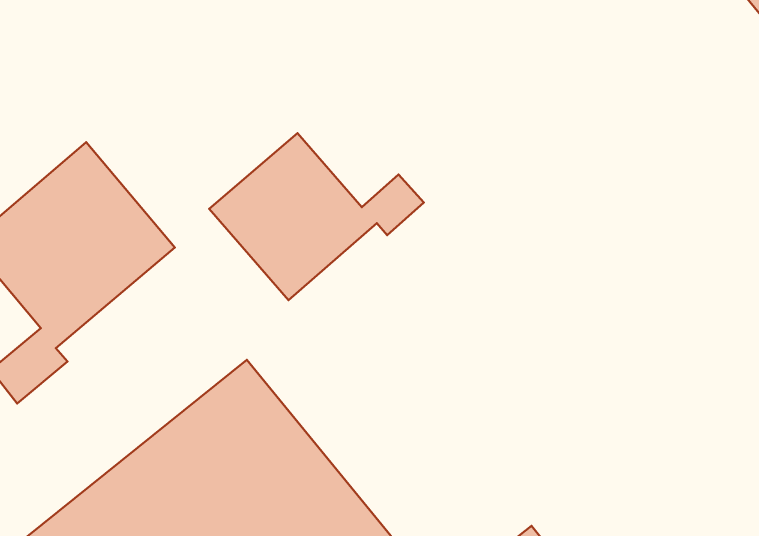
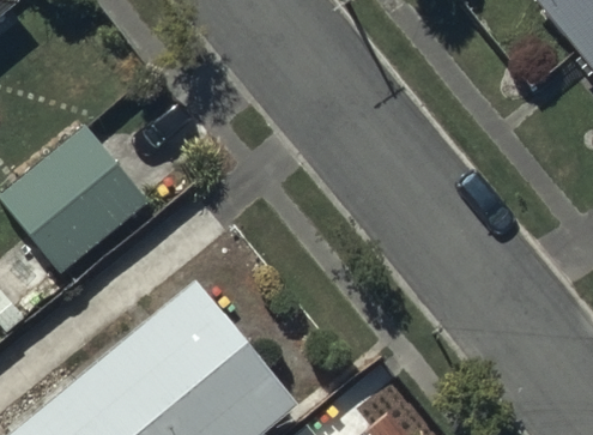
building: [209,133,424,300] -> none

